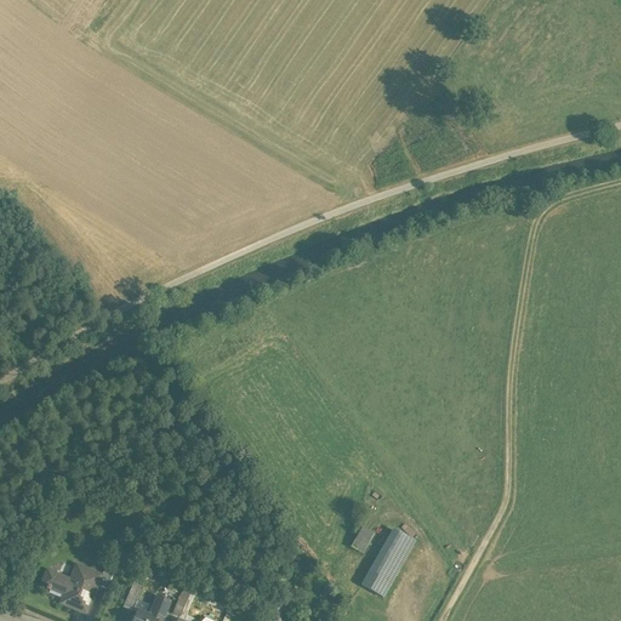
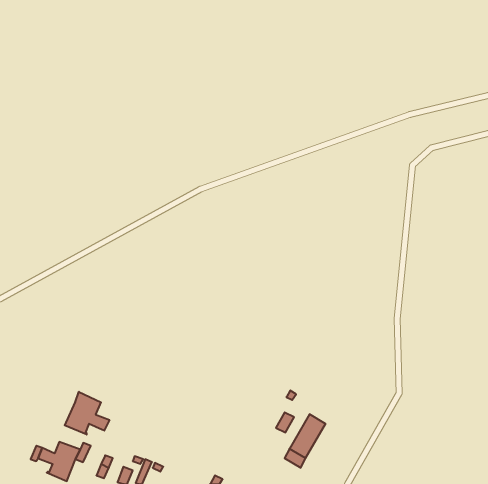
building: none -> [65,392,109,435]

